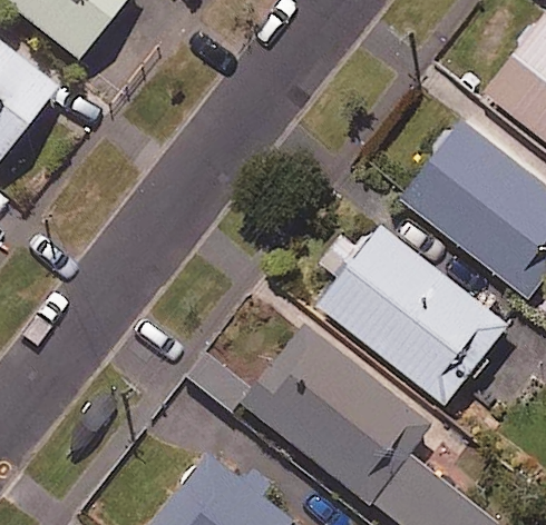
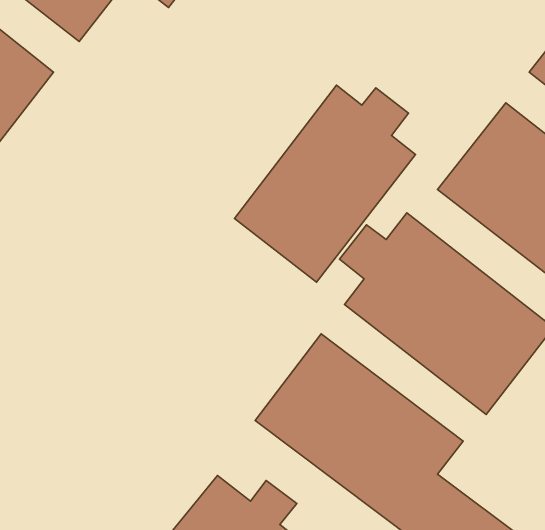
building: none -> [234,85,416,282]

